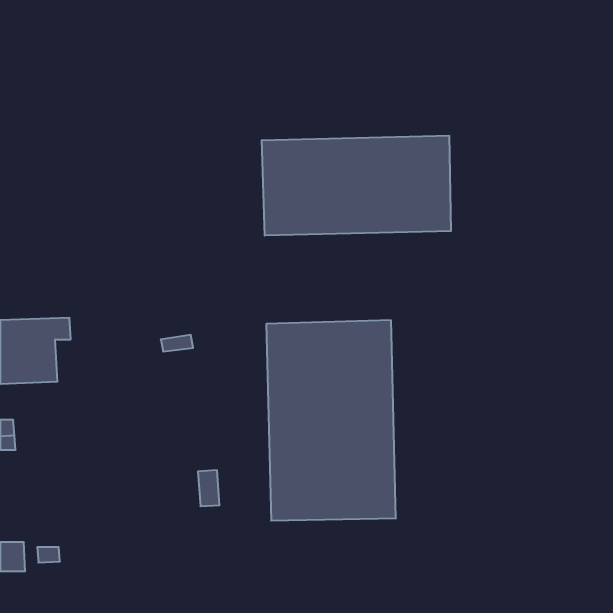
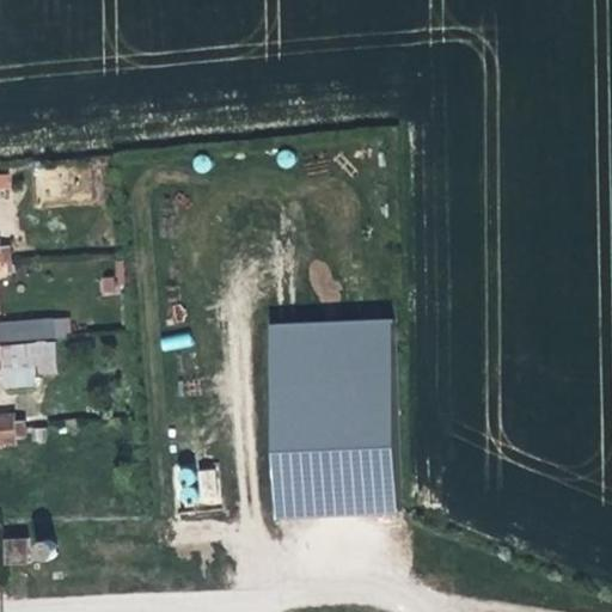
building: [262,136,451,236] -> none

